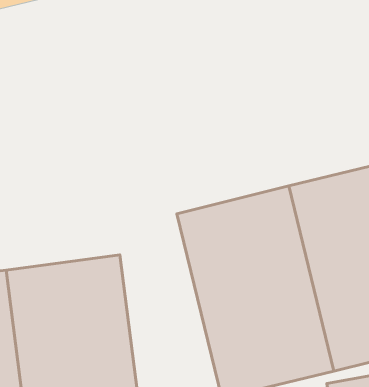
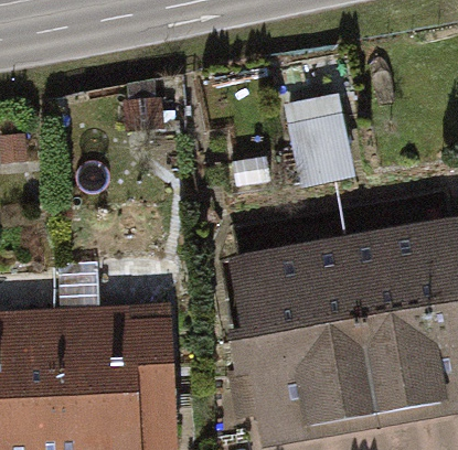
building: none -> [284,105,356,184]

